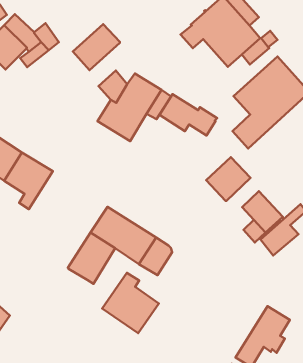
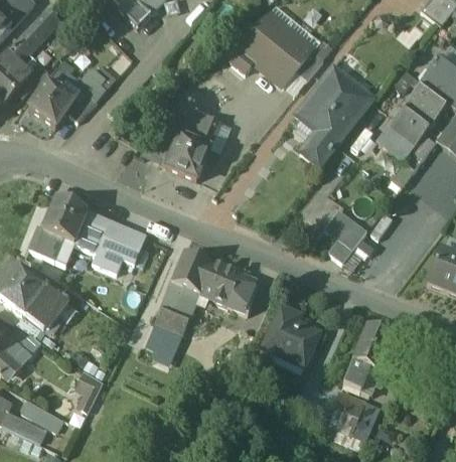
building: [73,24,120,70] -> none
building: [160,94,217,136] -> none
building: [206,157,250,201] -> none
building: none -> [104,224,146,273]
building: none -> [145,322,176,353]
building: [102,273,159,333] -> [262,306,319,366]

